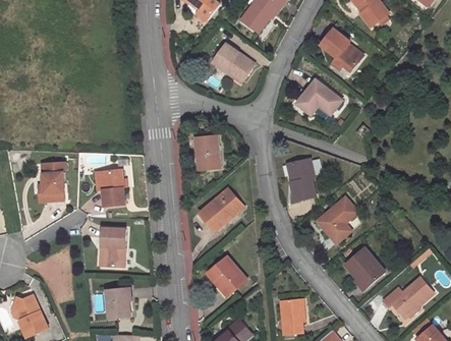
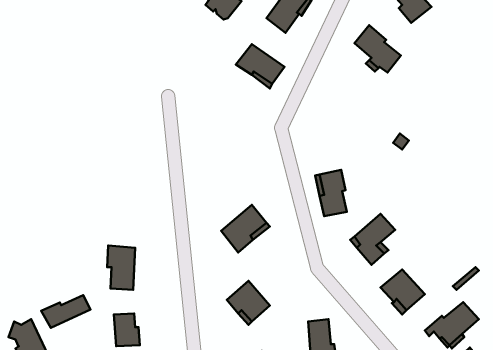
building: [298,79,343,114] -> none
building: [198,135,222,170] -> none
building: [36,160,62,200] -> none
building: [99,168,123,205] -> none
building: none -> [41,295,91,328]

